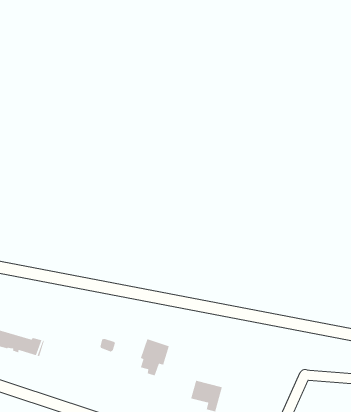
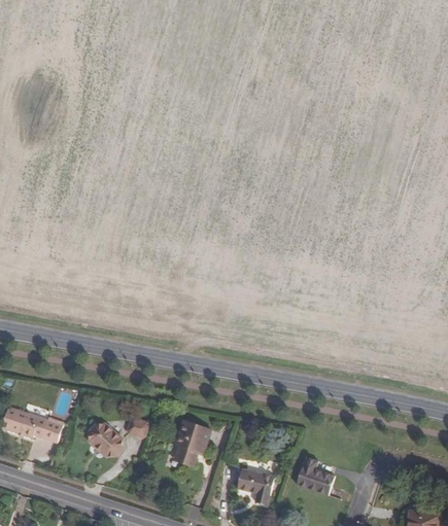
building: none -> [88,421,122,454]
building: none -> [298,454,335,493]

